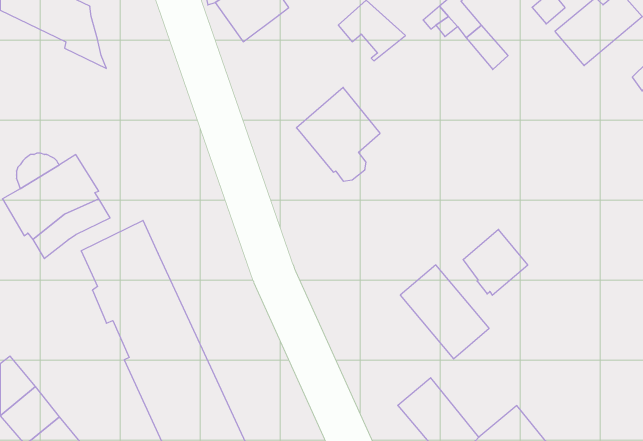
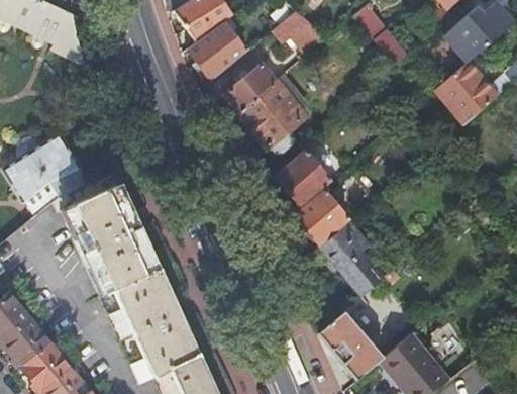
building: none -> [188,22,246,81]
building: none -> [436,62,499,125]
building: none -> [225,63,277,112]
building: none -> [278,152,329,205]
building: [463,229,528,295] -> [297,191,348,243]

